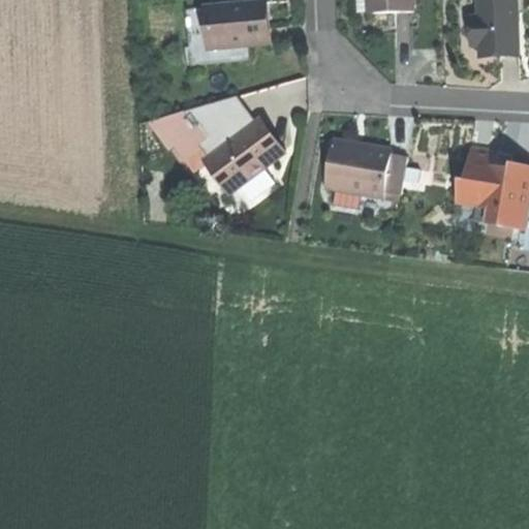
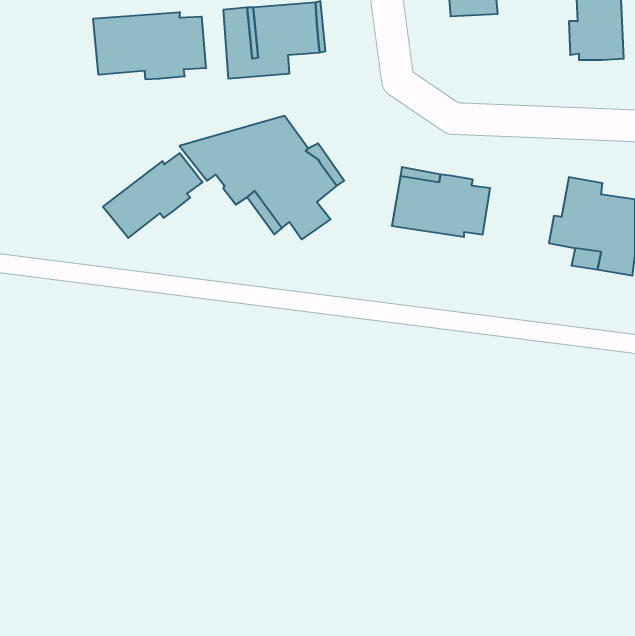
building: none -> [93,12,206,79]
building: none -> [103,153,203,238]

